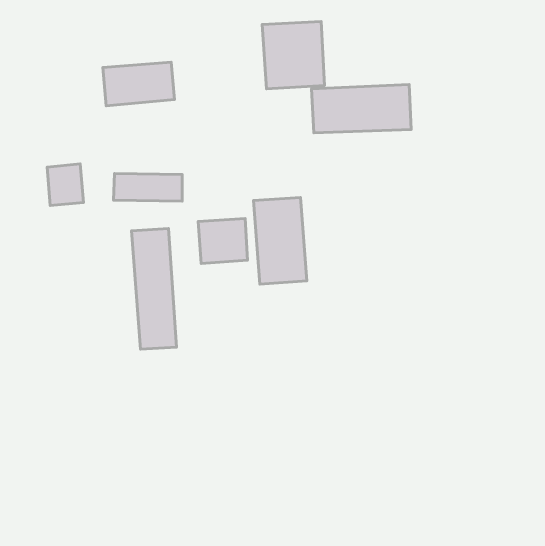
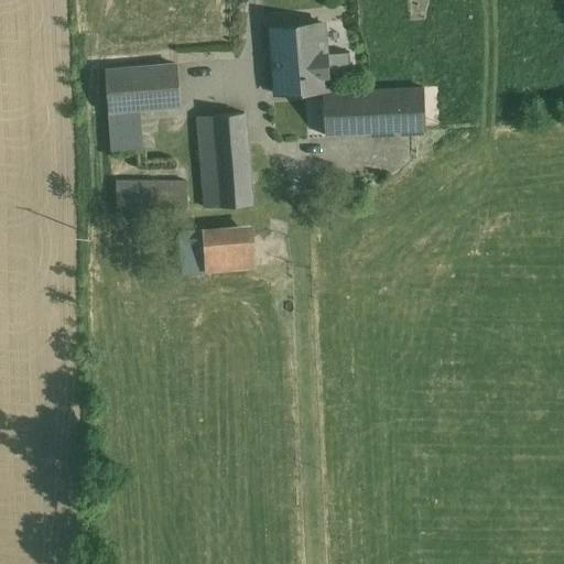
building: [47,164,84,206] -> [106,113,143,156]
building: [253,197,307,284] -> [196,117,251,206]
building: [131,229,177,349] -> none

